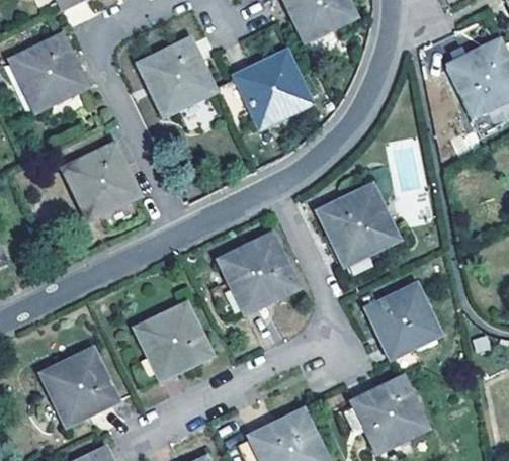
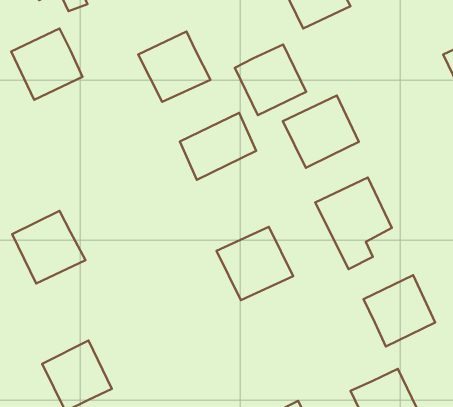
building: none -> [283,96,359,168]
building: none -> [180,113,256,180]
building: [64,145,138,217] -> [12,211,86,283]
building: [137,306,207,375] -> none

